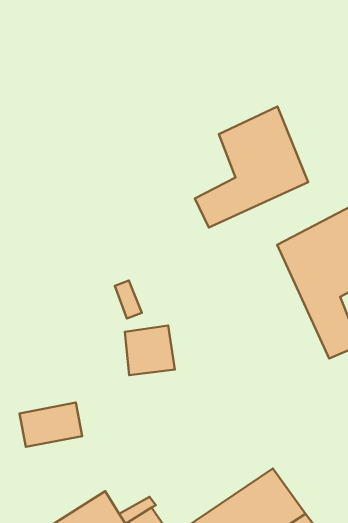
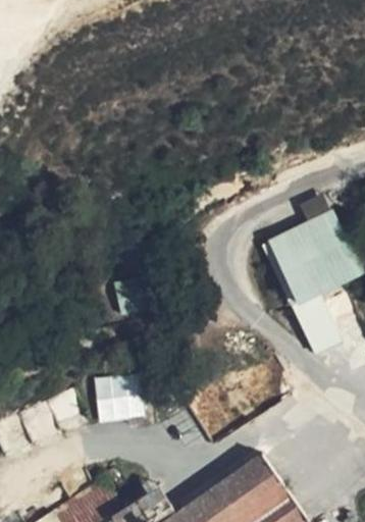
building: [195,106,308,227] -> none
building: [125,325,175,375] -> [96,376,143,423]

